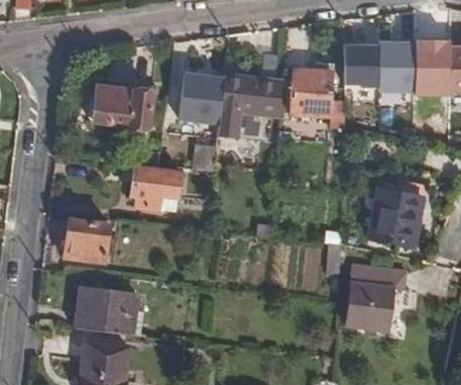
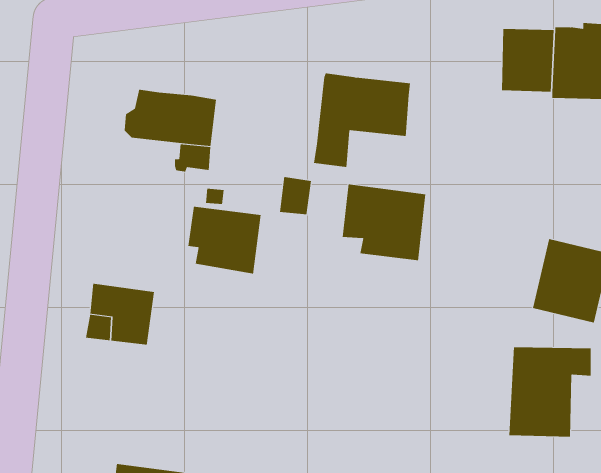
building: [293,70,337,117] -> none
building: [167,71,225,123] -> [342,184,426,261]
building: [77,288,136,334] -> none

